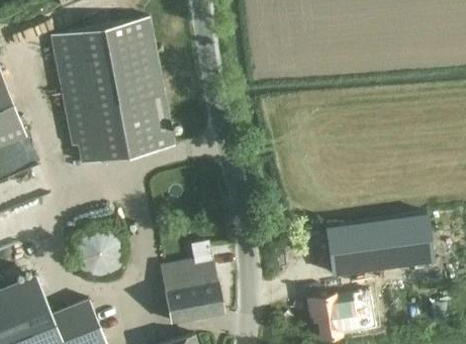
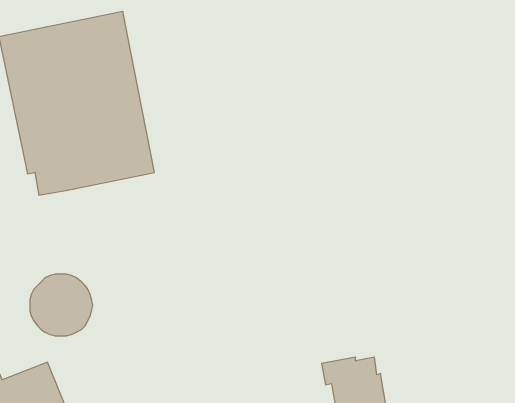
building: [322,217,430,274] -> none
building: [162,259,223,324] -> none

